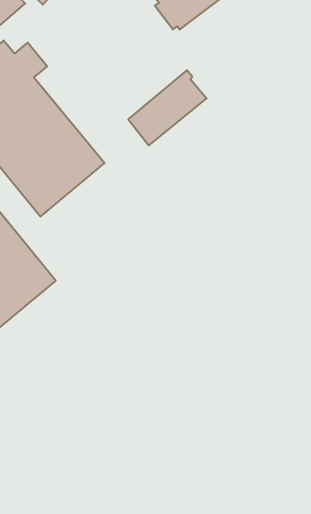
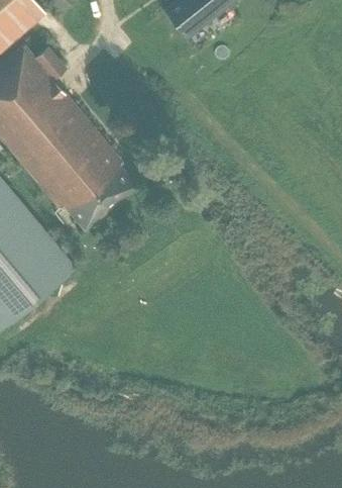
building: [128,70,207,145] -> [65,159,137,228]

